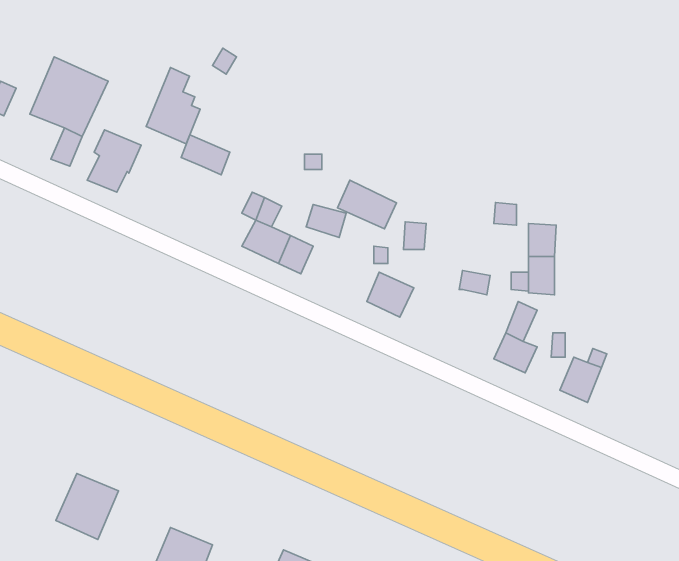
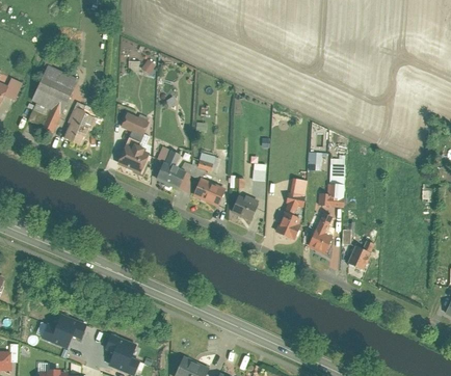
building: [146,67,200,144] -> [118,129,151,174]
building: [338,180,397,229] -> [192,177,228,206]
building: none -> [276,209,302,239]

